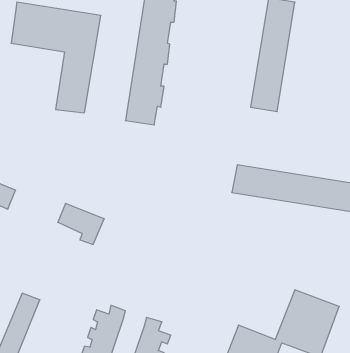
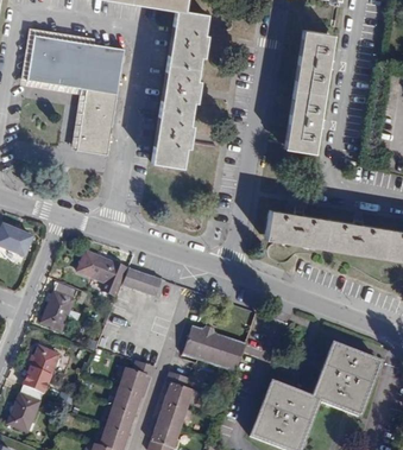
building: none -> [124,268,163,298]
building: none -> [43,283,78,331]
building: none -> [183,327,246,373]

